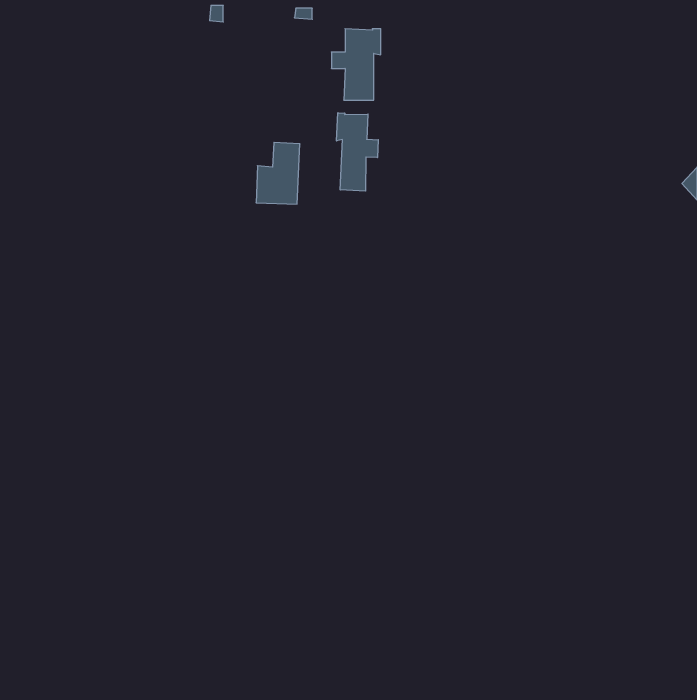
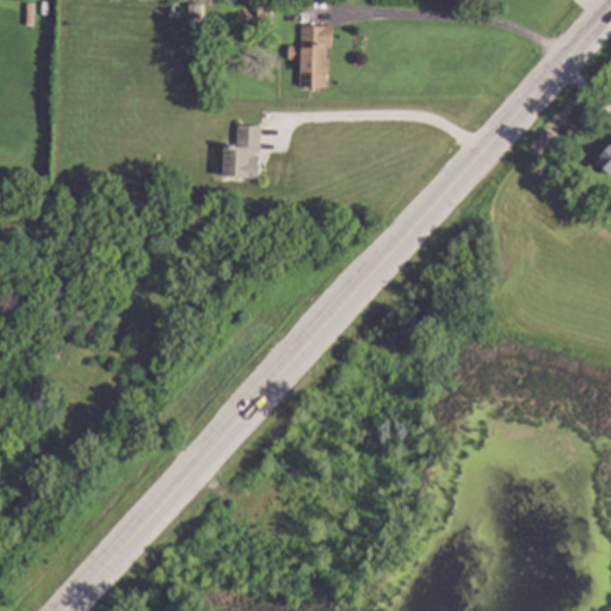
building: [337,113,378,191] -> none

